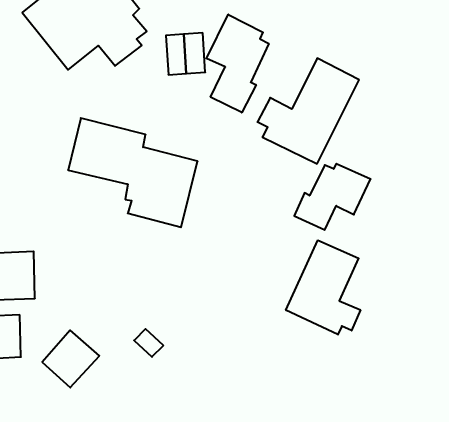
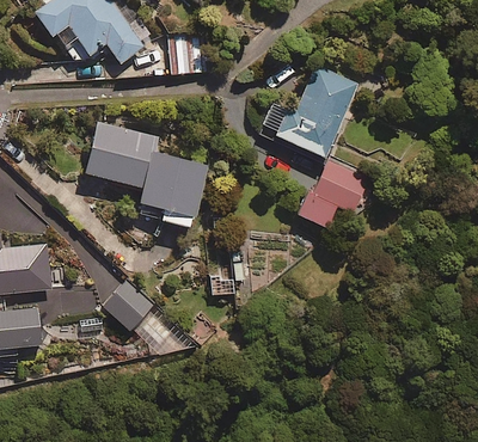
building: [206,14,269,113] -> none
building: [286,240,360,335] -> none
building: [42,330,99,388] -> [100,275,154,329]

